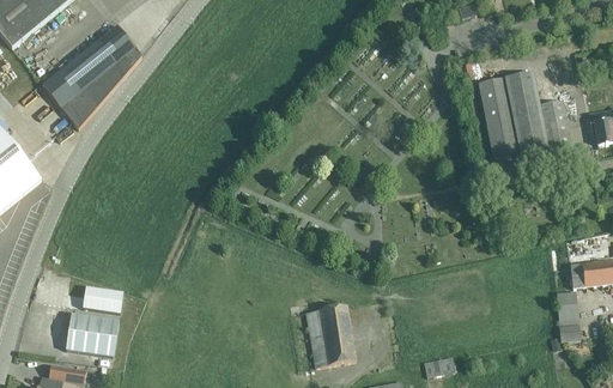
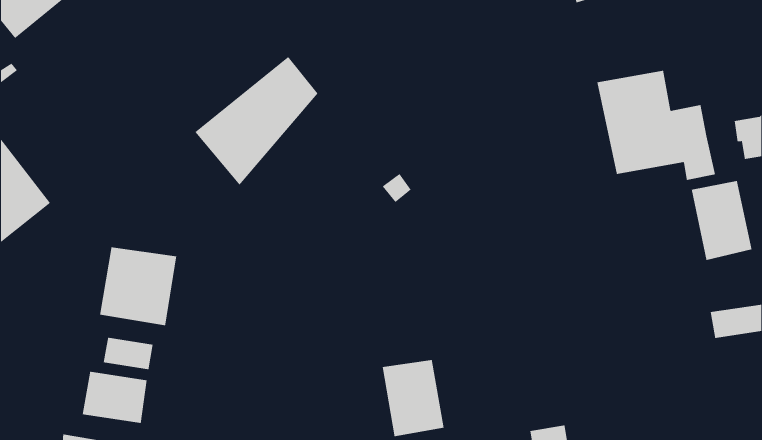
building: [42,24,141,128] -> [195,56,318,186]
building: none -> [691,180,752,261]
building: none -> [100,247,177,326]
building: [557,290,581,341] -> none

